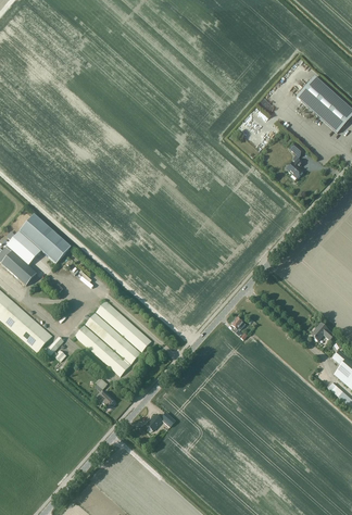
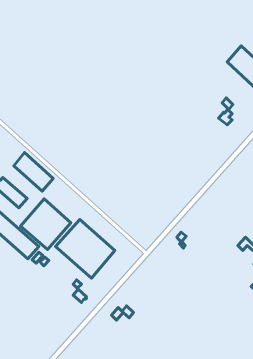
building: [5,231,40,265] -> none
building: none -> [20,199,71,250]

